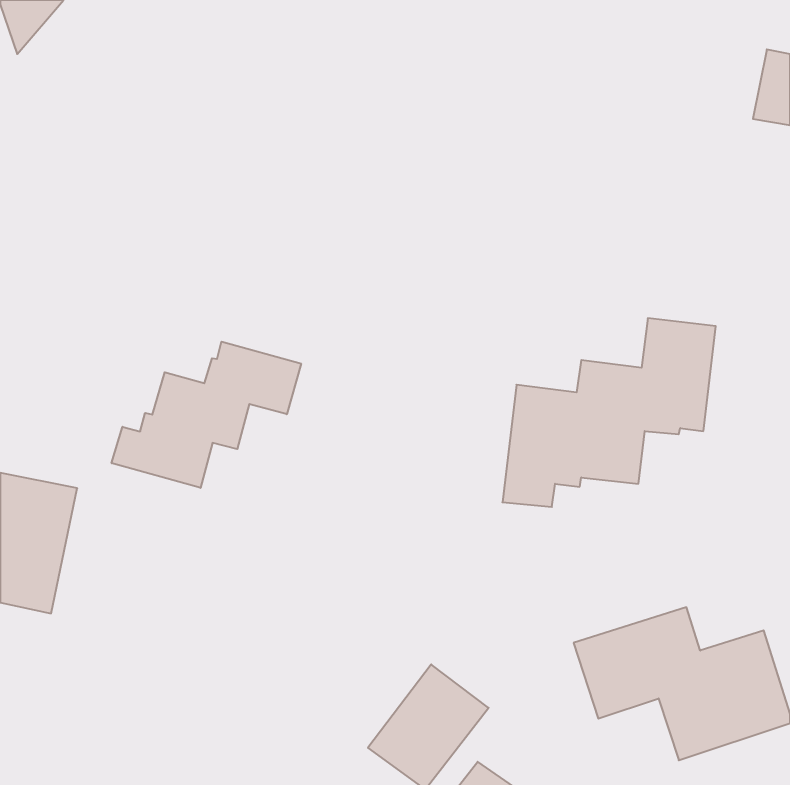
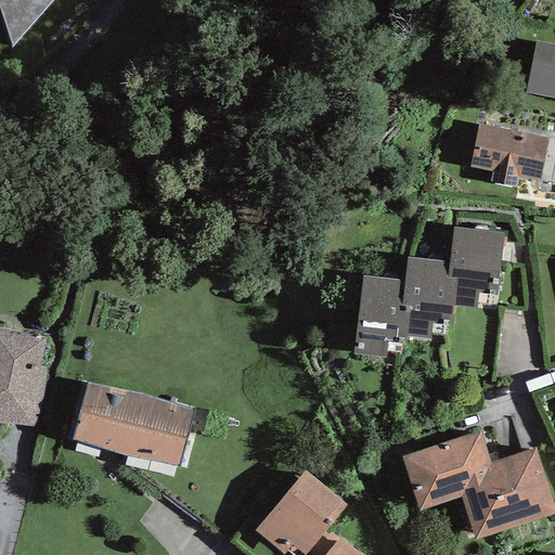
building: none -> [470,124,548,186]
building: [112,342,301,488] -> none
building: none -> [75,384,195,467]

